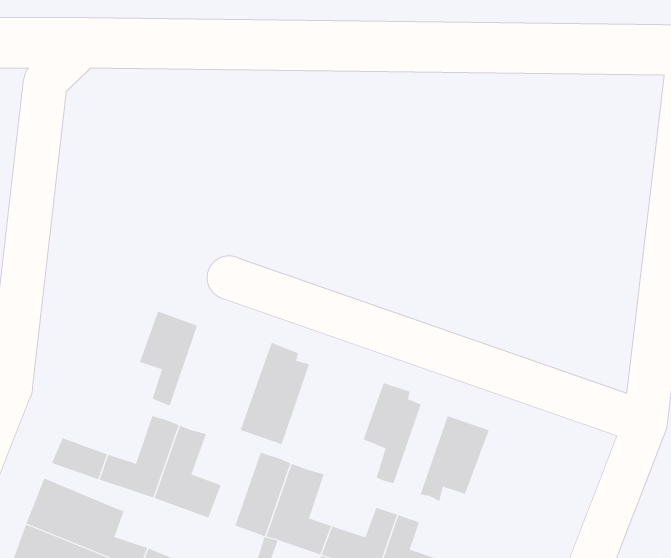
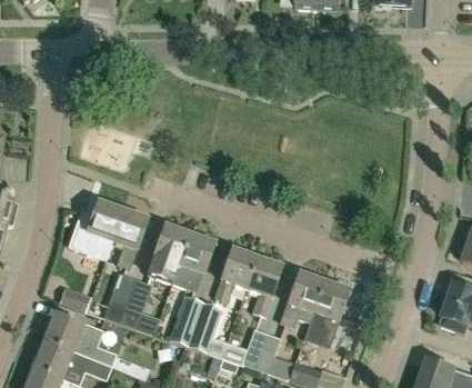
building: none -> [67,201,122,253]
building: none -> [147,223,191,282]
building: none -> [214,247,259,301]
building: none -> [304,282,349,346]

